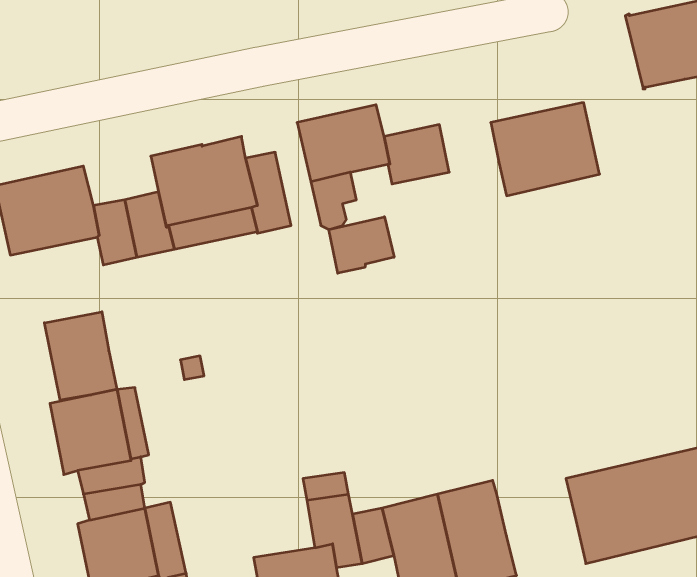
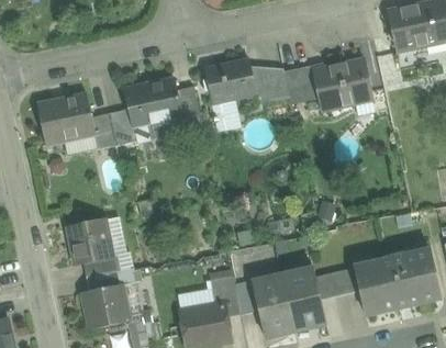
building: none -> [283,65,316,97]
building: [329,217,394,273] -> none
building: [44,312,117,400] -> none
building: none -> [315,267,359,299]

